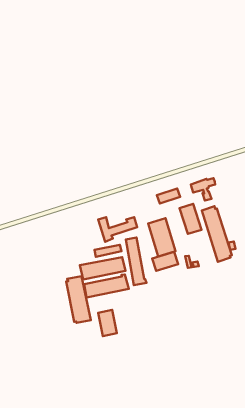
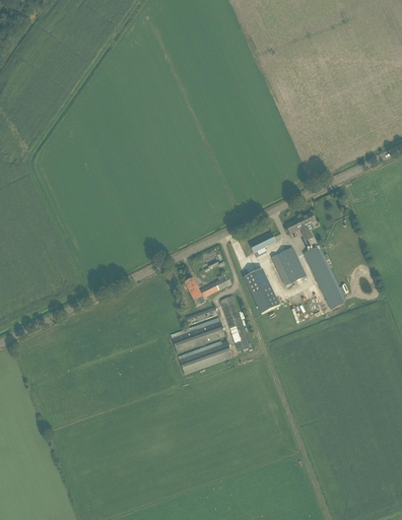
building: [152,252,178,271] -> none
building: [66,276,91,323] -> none
building: [98,310,117,336] -> none

